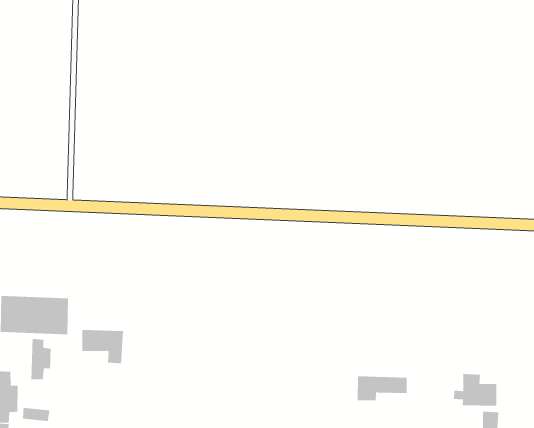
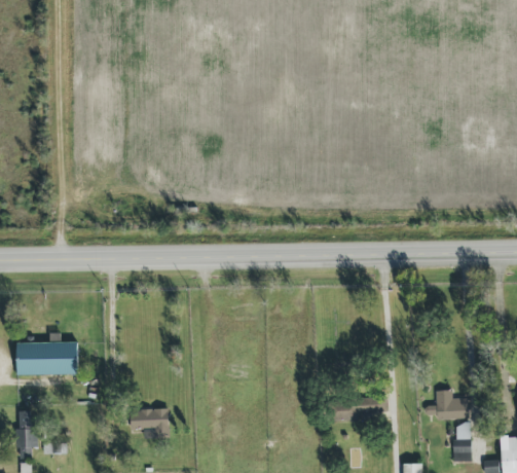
building: [82,330,124,364] -> [131,408,169,438]
building: [31,338,51,380] -> none

